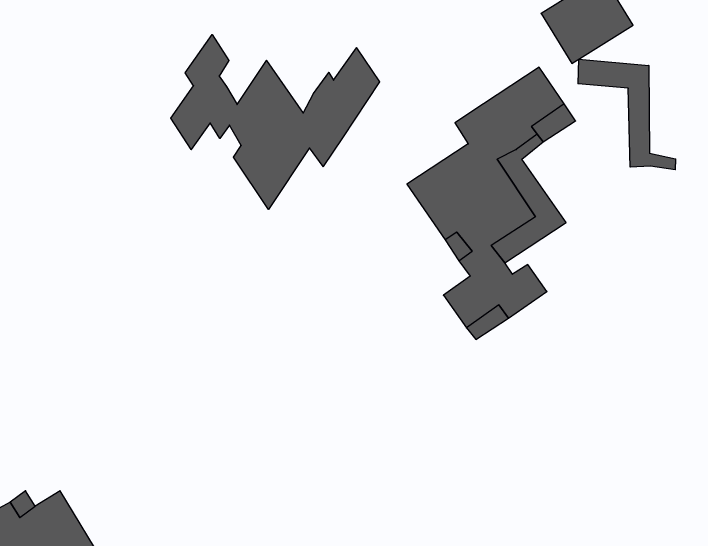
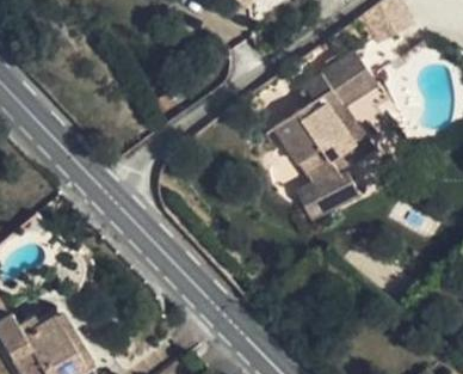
building: [171,35,380,209] -> none
building: [578,59,676,170] -> none

